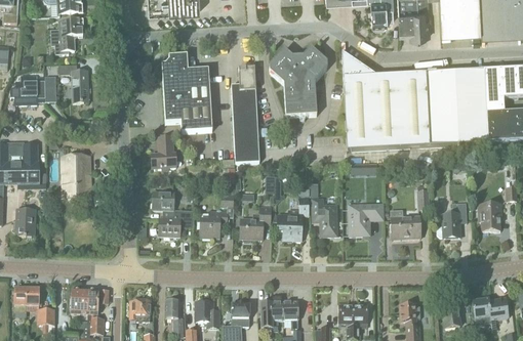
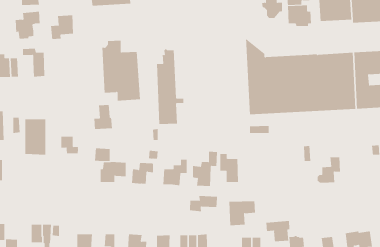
building: none -> [51,14,73,40]
building: [270,46,328,115] -> none
building: none -> [61,136,79,154]
building: [349,203,384,235] -> [229,201,256,226]
building: [479,203,501,229] -> none
building: [391,209,420,238] -> none
building: none -> [189,195,217,212]
building: none -> [266,220,290,242]

